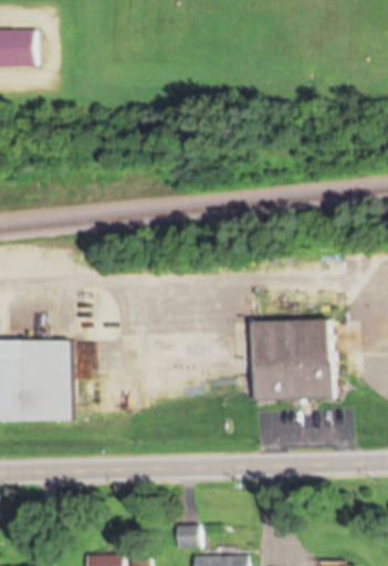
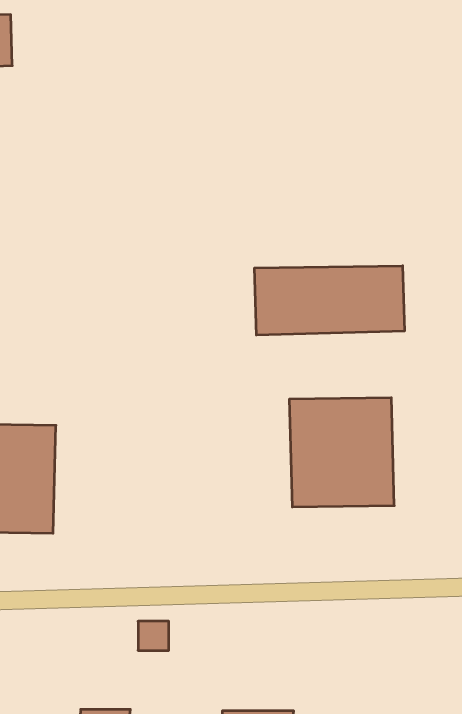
building: none -> [255,266,404,335]
building: [182,527,206,549] -> [138,621,169,650]

